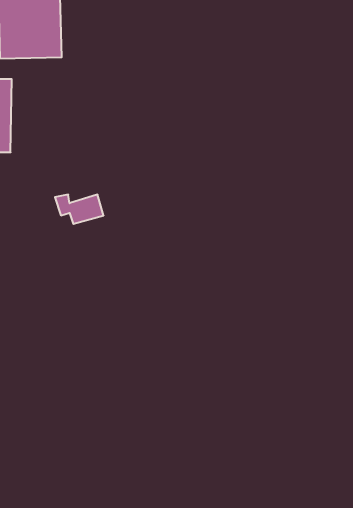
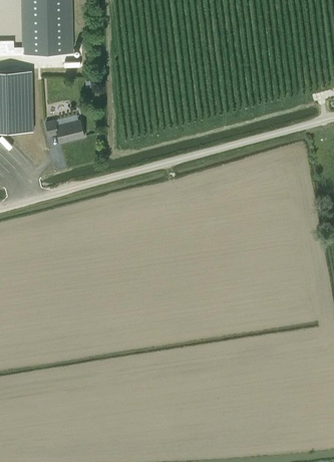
building: [55,195,104,224] -> [43,119,83,143]

